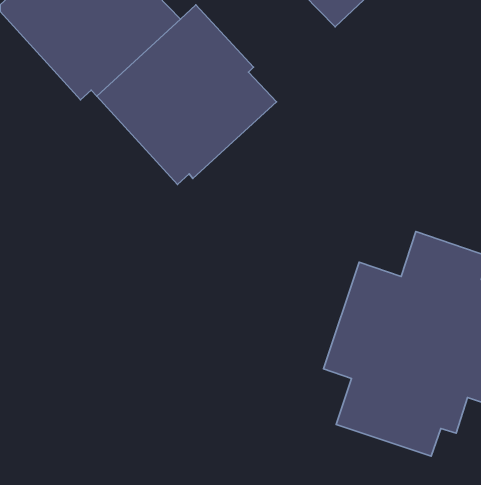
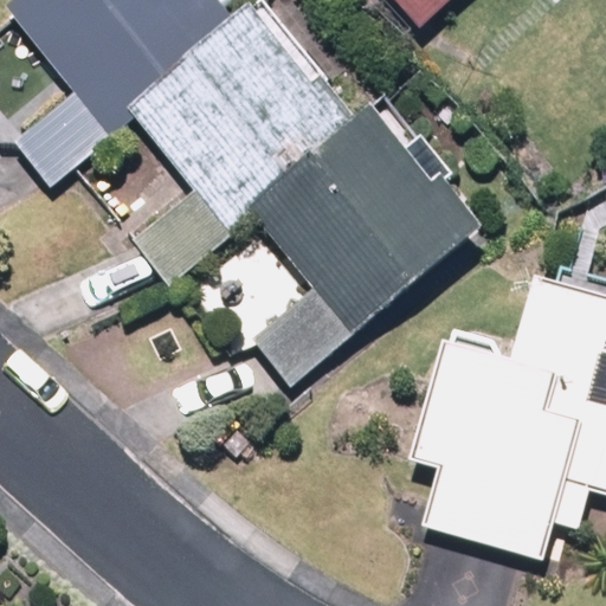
building: none -> [250,117,475,331]

